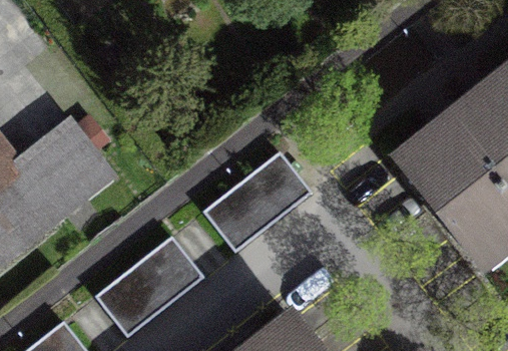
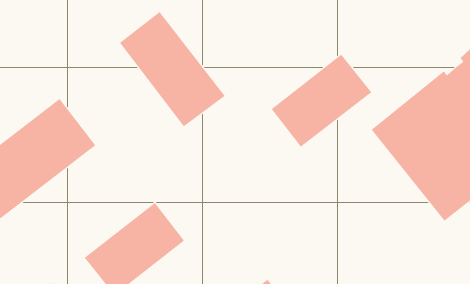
building: none -> [119,11,225,127]
building: [205,154,312,253] -> [271,54,372,147]

